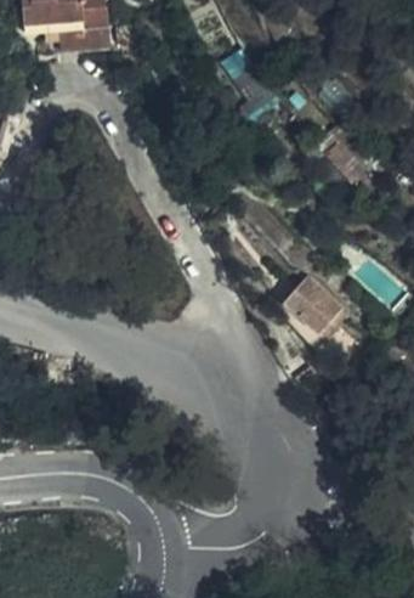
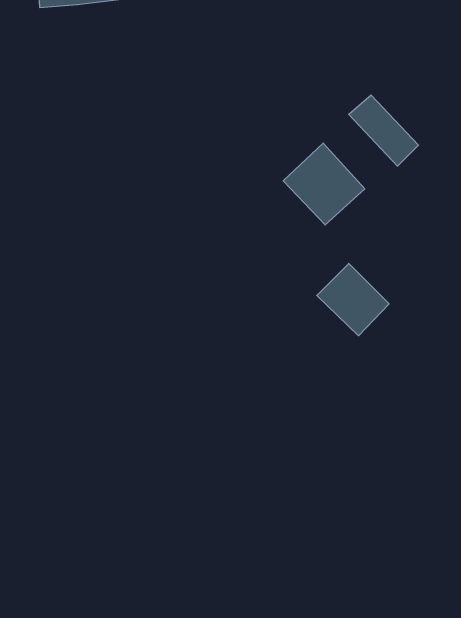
building: none -> [283,143,365,225]

